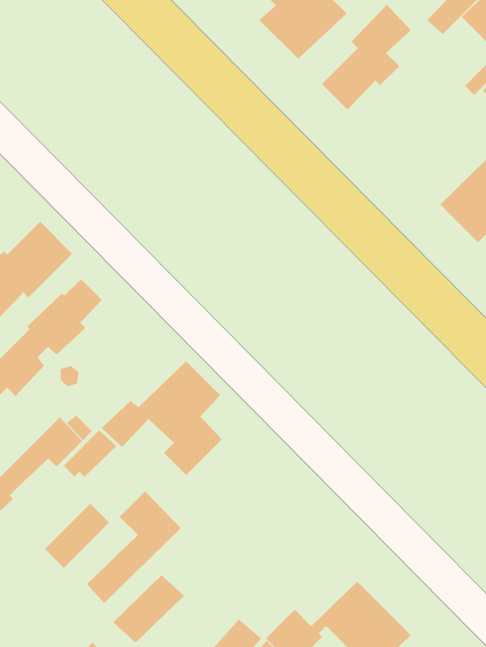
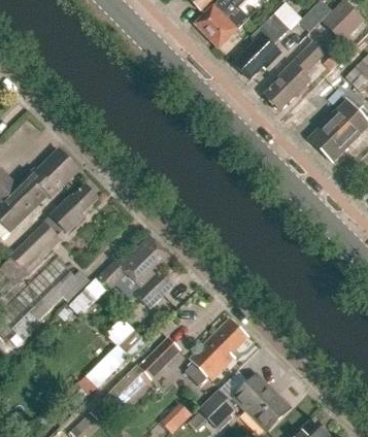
building: none -> [265,41,324,110]
building: none -> [187,318,247,384]
building: [44,503,110,568] -> [140,338,181,379]

